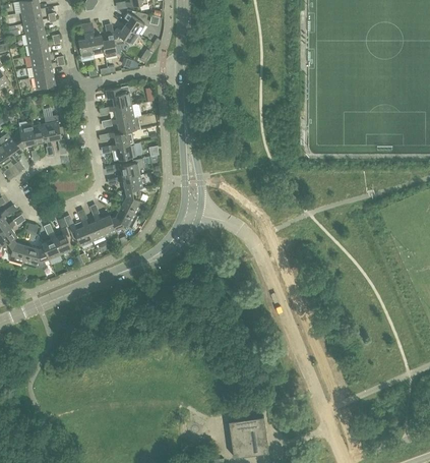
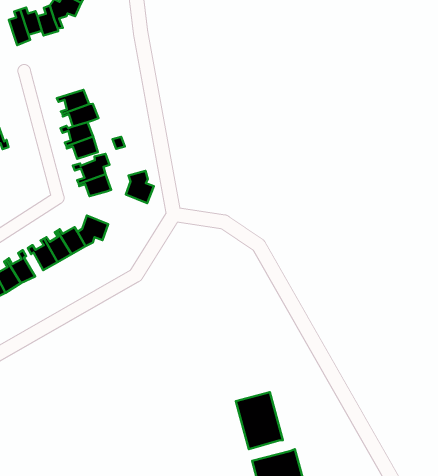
building: [105,85,130,108] -> none
building: [120,188,143,215] -> [126,171,154,203]
building: none -> [236,392,283,449]

